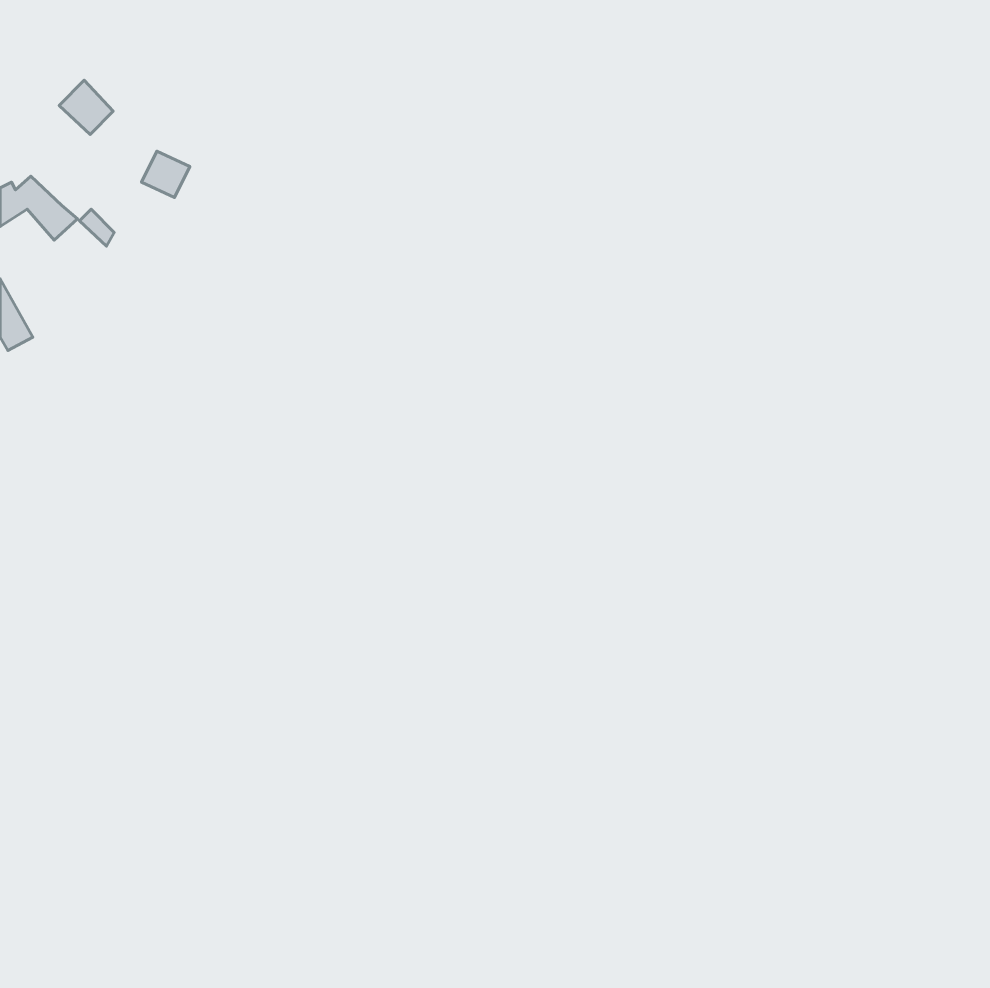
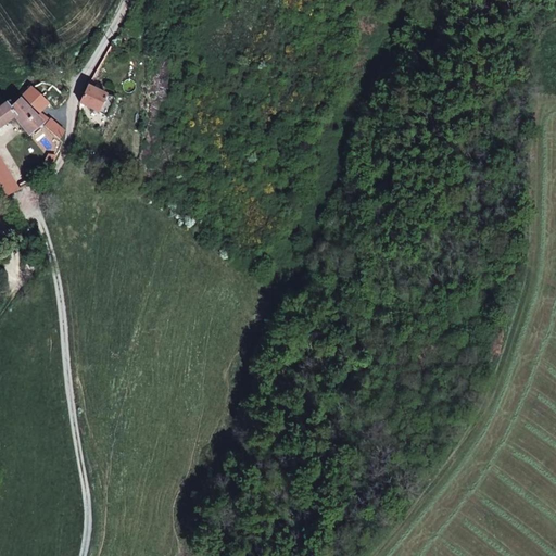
building: [59,80,113,134] -> [17,85,48,115]

